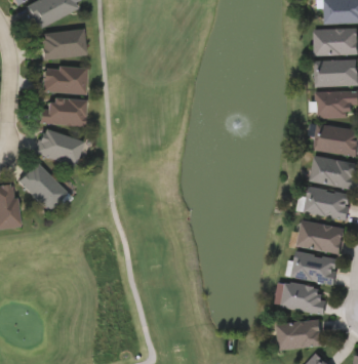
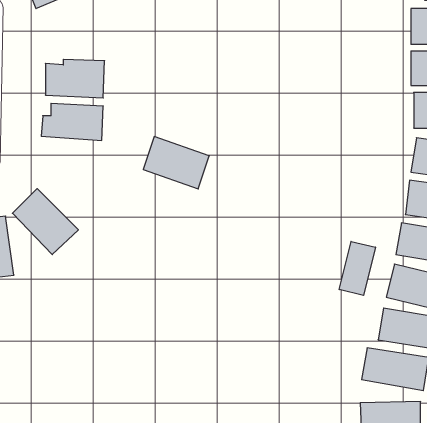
building: [41,30,87,59] -> none
building: [35,128,84,167] -> [143,137,209,189]
building: none -> [339,241,375,295]

